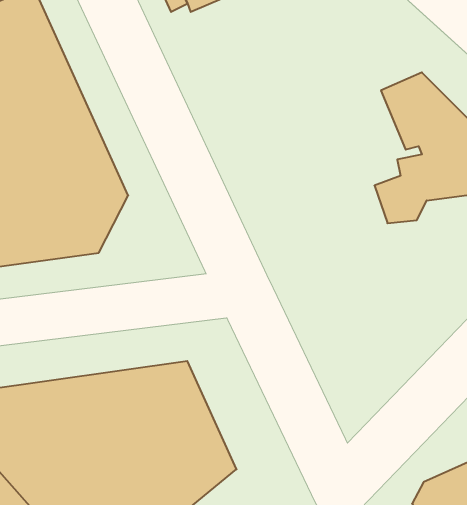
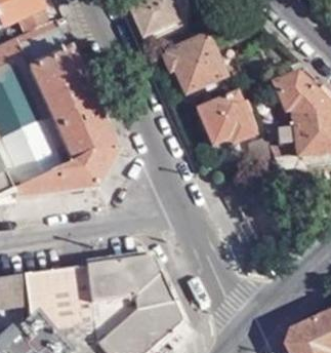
building: none -> [167,33,226,99]
building: none -> [196,91,253,144]

